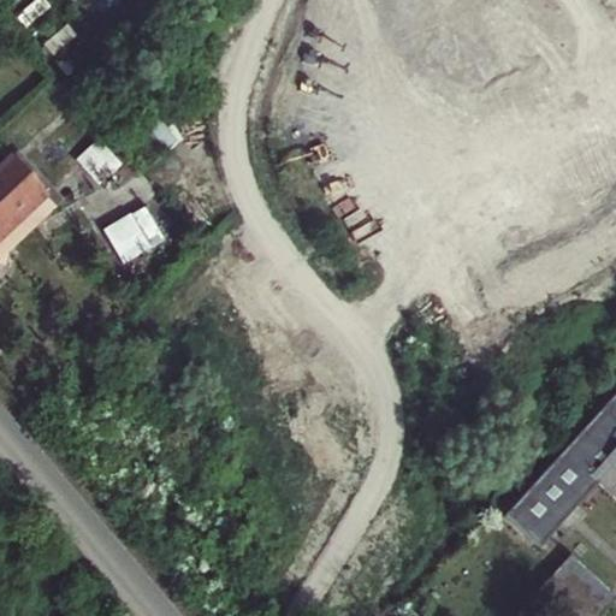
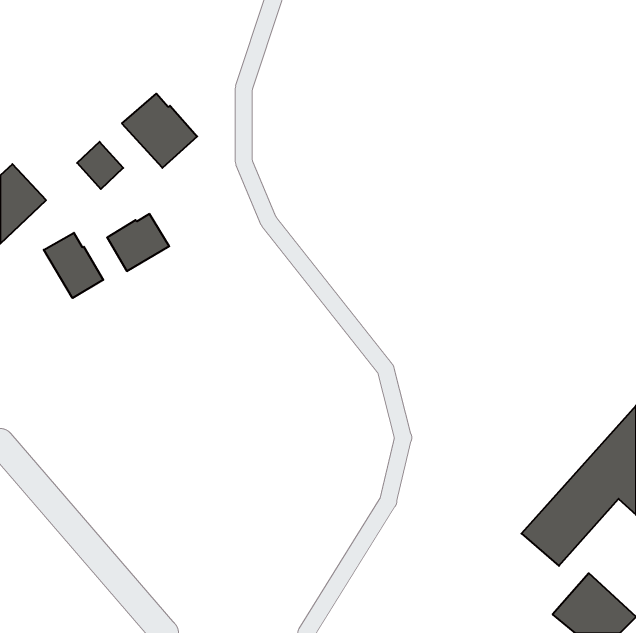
building: none -> [122,94,197,168]
building: none -> [44,233,103,298]

